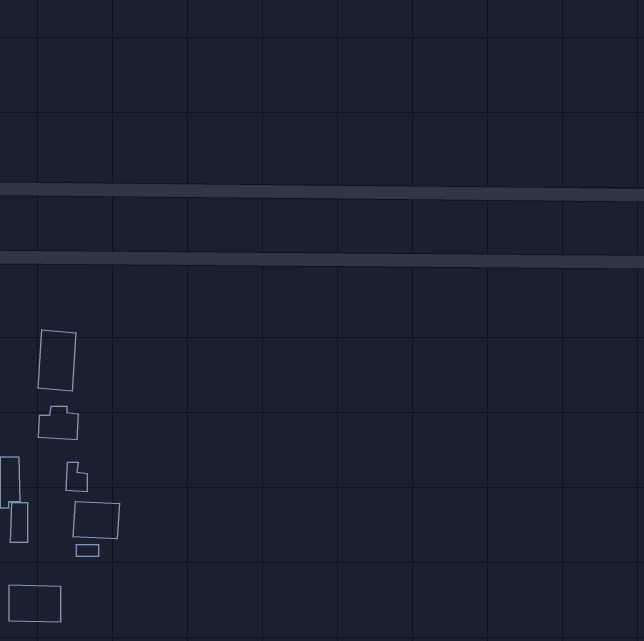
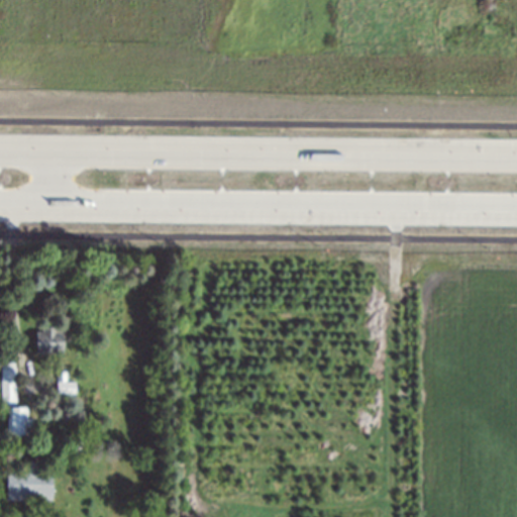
building: [38,330,76,391] -> none
building: [73,501,120,539] -> none

